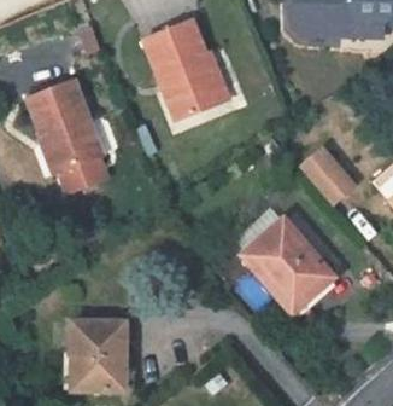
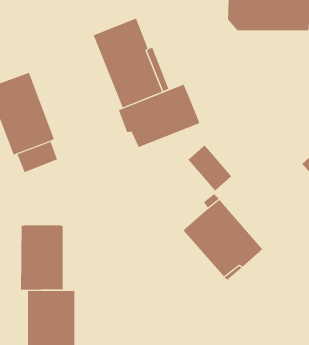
building: none -> [118,84,200,148]
building: [304,151,353,203] -> [187,145,232,191]
building: none -> [20,225,63,291]

